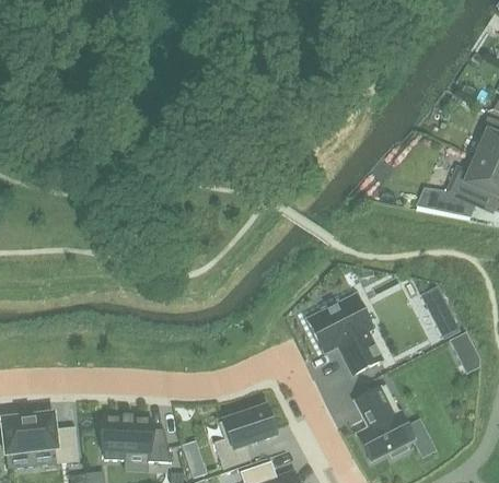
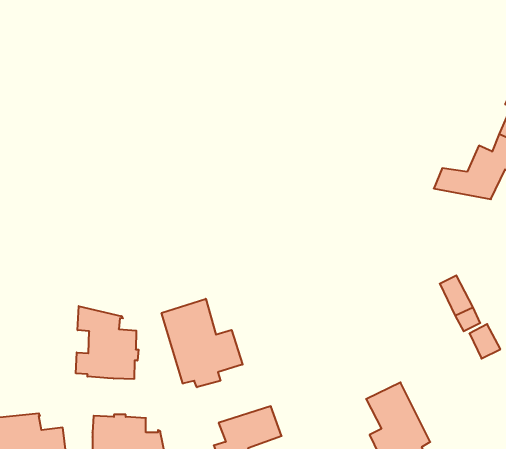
building: [307,294,381,373] -> none
building: none -> [162,299,243,387]
building: none -> [76,306,139,379]

